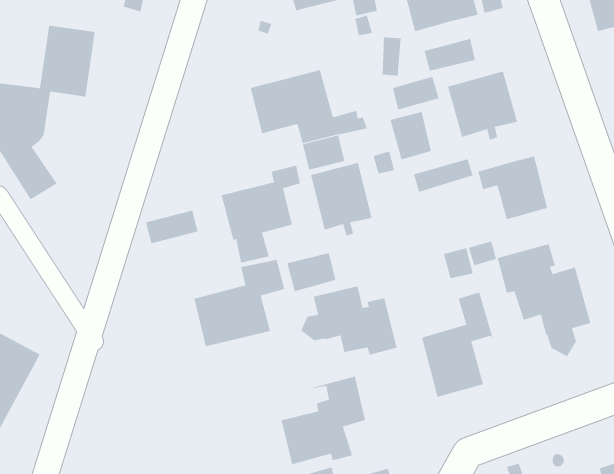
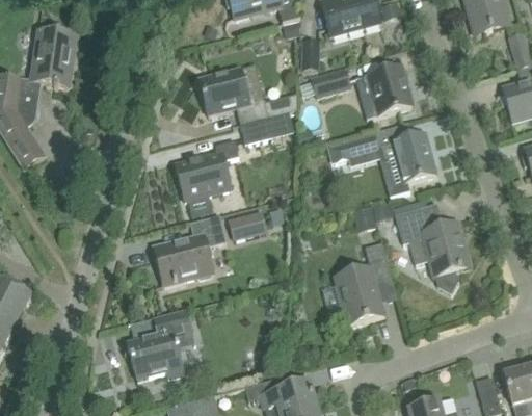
building: [424,38,476,72] -> none
building: [390,111,431,160] -> none
building: [310,162,372,236] -> none
building: [146,210,198,244] -> none
building: [300,285,397,355] -> none
building: [281,376,366,465] -> [128,308,195,379]

